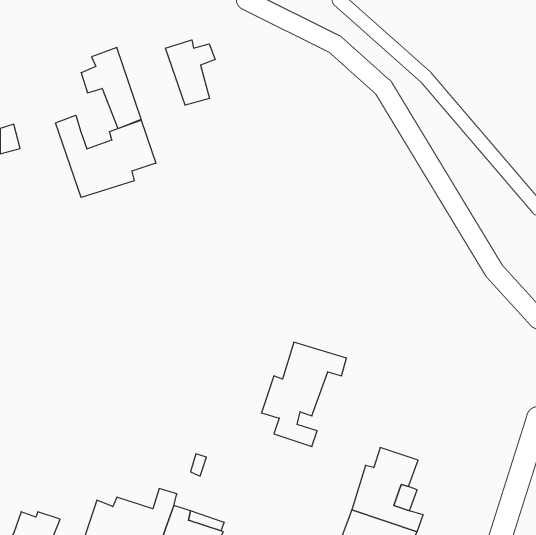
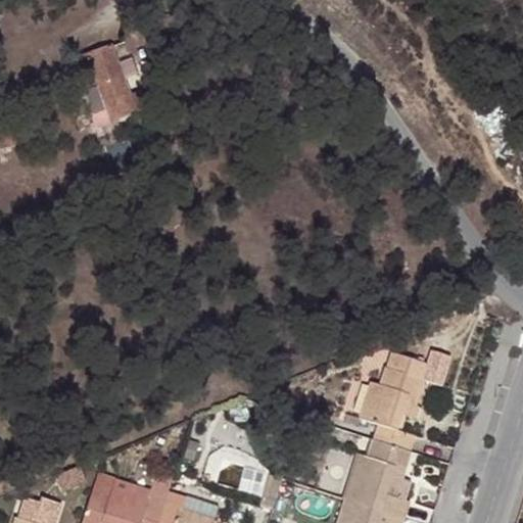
building: [166,40,215,105] -> none
building: [55,115,156,197] -> none
building: [261,342,347,447] -> [359,348,441,449]

